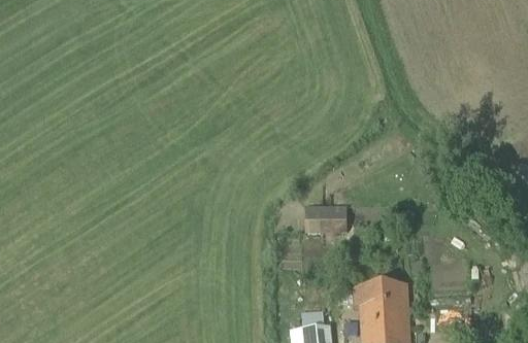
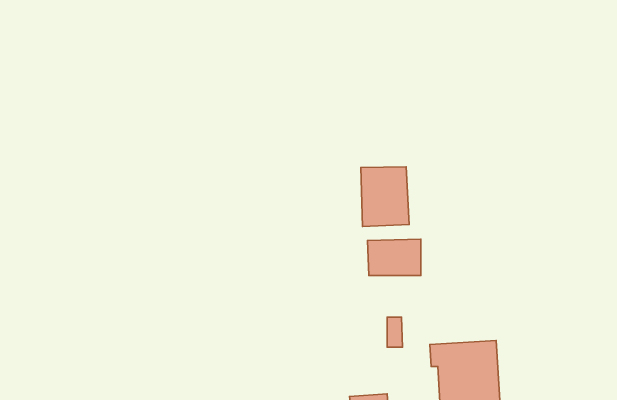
building: none -> [361,167,409,227]

